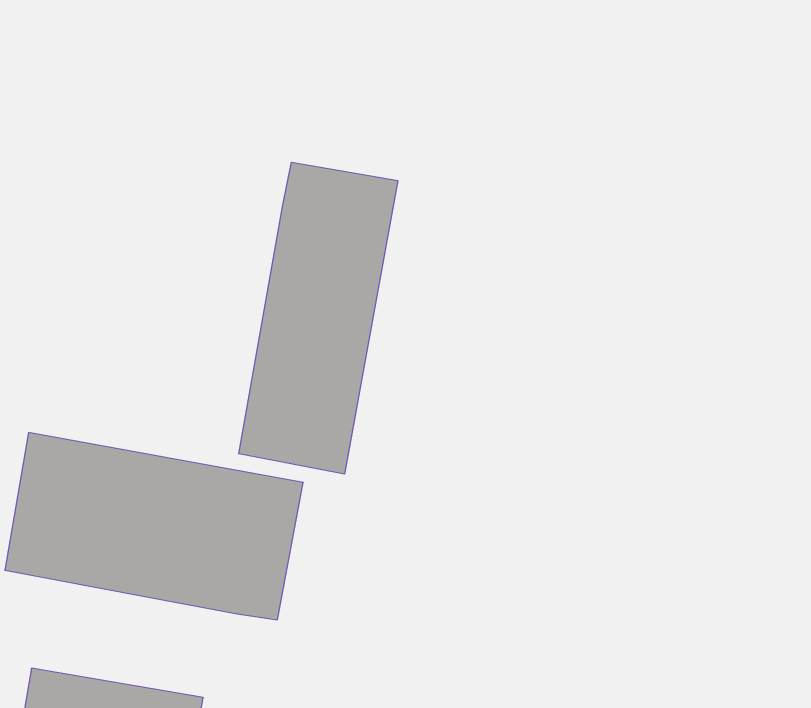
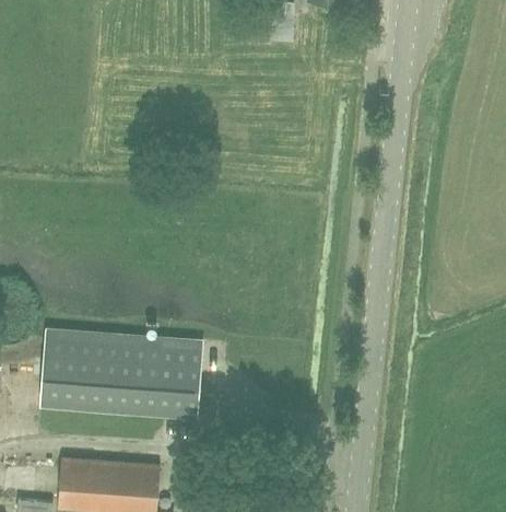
building: [239,162,398,474] -> none

